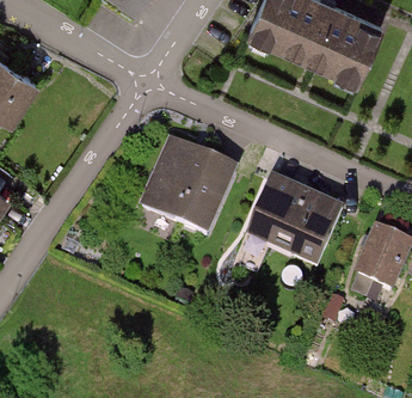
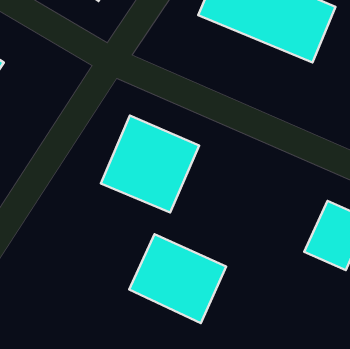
building: [242,180,343,273] -> [129,234,226,323]

